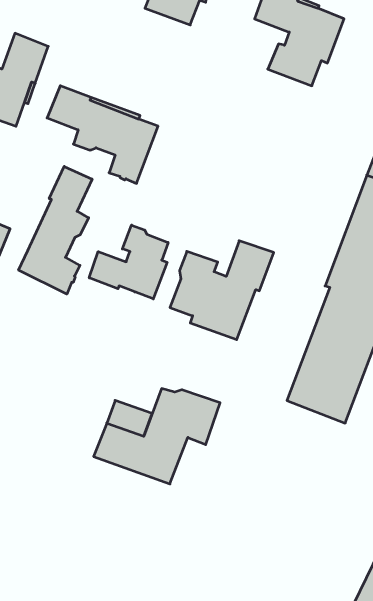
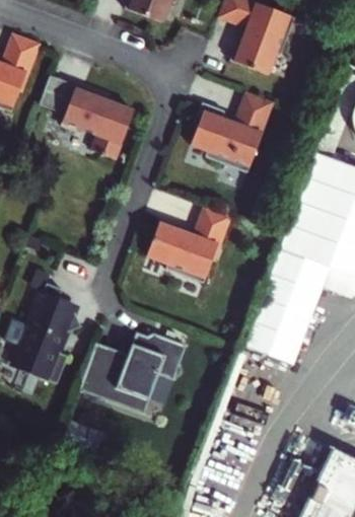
building: none -> [190,92,273,173]
building: [19,166,92,294] -> none
building: [89,225,168,299] -> none
building: none -> [17,286,83,386]

